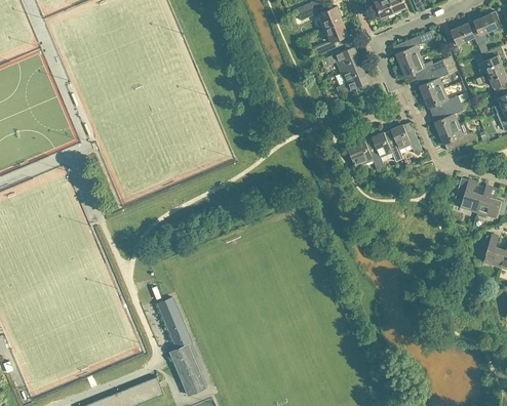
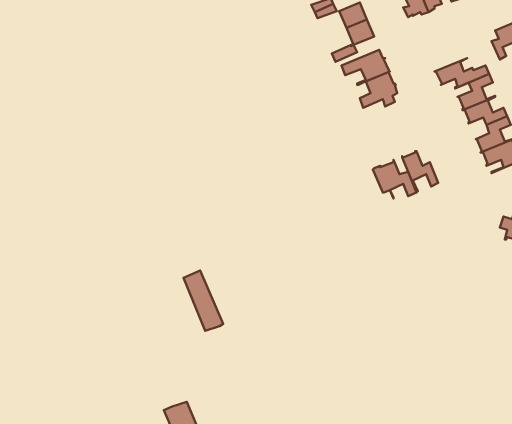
building: [393,31,433,65] -> none
building: [390,122,423,159] -> none
building: [158,297,192,349] -> [183,270,223,331]

